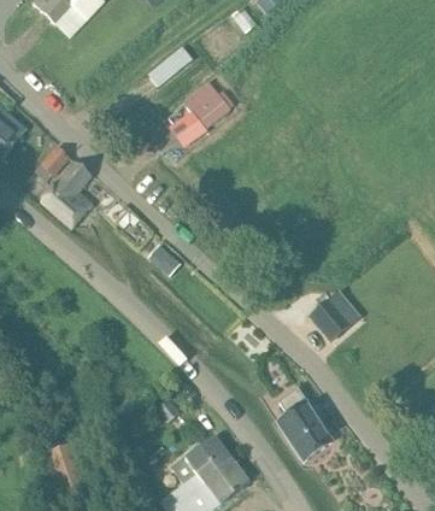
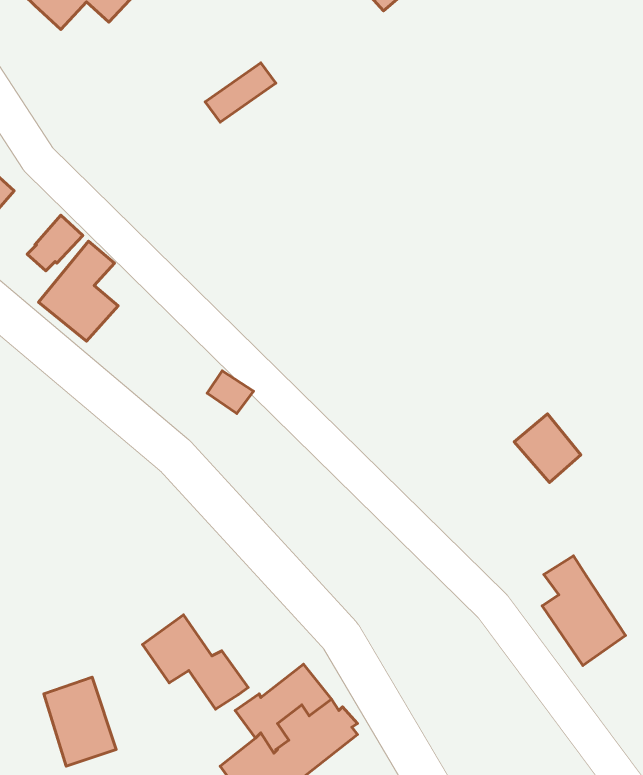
building: [171,78,236,146] -> none
building: [307,298,351,342] -> [514,414,581,483]
building: [277,388,331,459] -> [542,556,625,665]
building: none -> [143,615,248,709]

